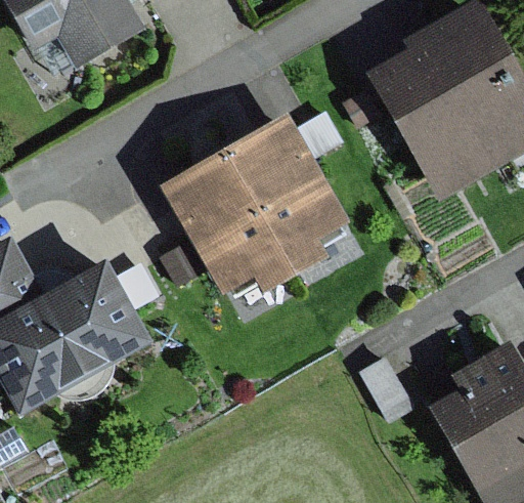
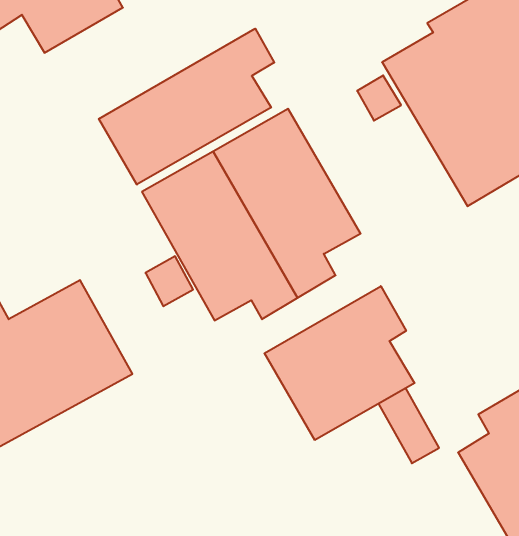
building: none -> [99,29,274,185]
building: none -> [264,286,415,440]

